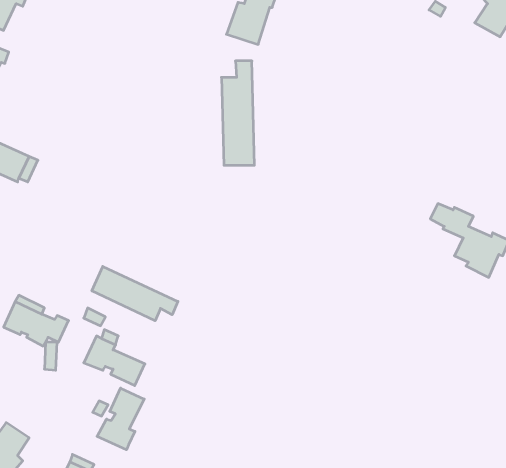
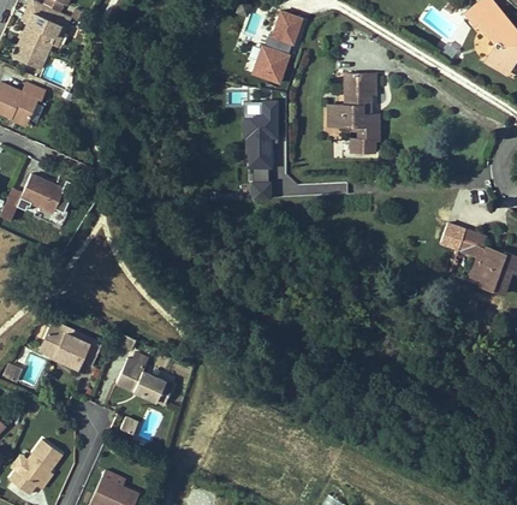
building: none -> [332,75,384,153]
building: [92,266,178,321] -> none
building: [97,388,144,450] -> none

